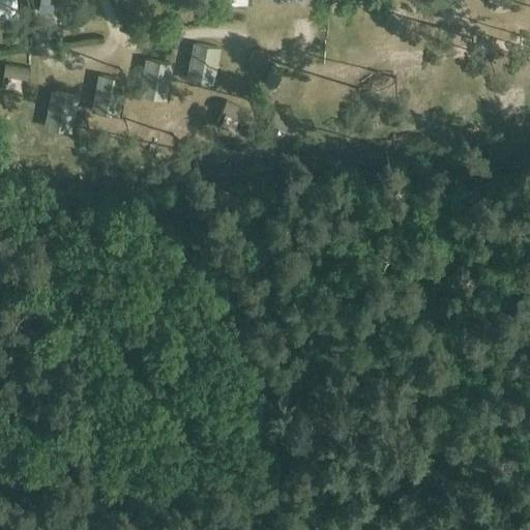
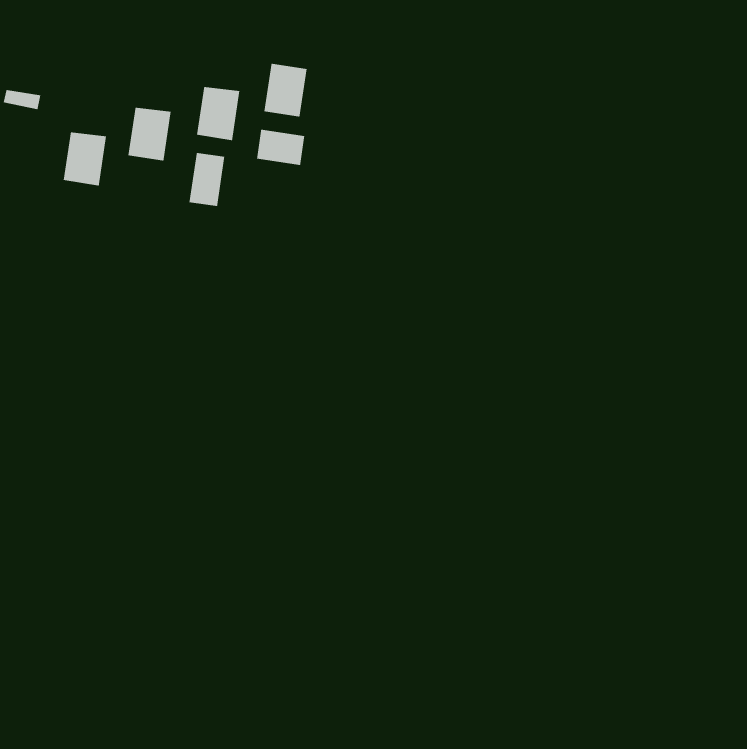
building: none -> [256,129,305,166]
building: none -> [189,152,225,207]

